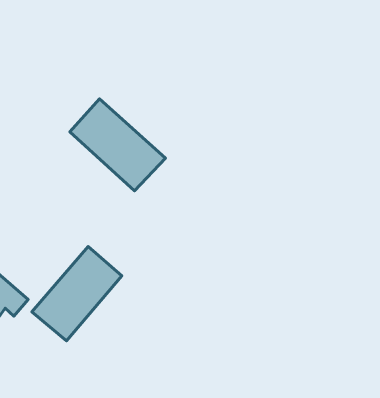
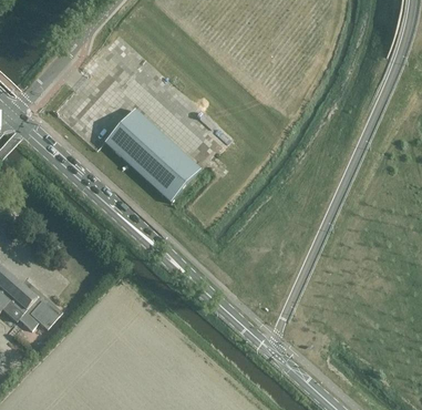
building: [32,247,122,341] -> none

